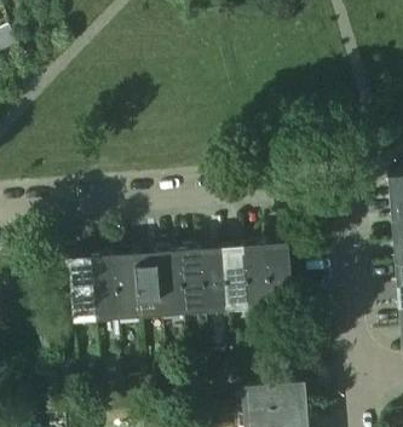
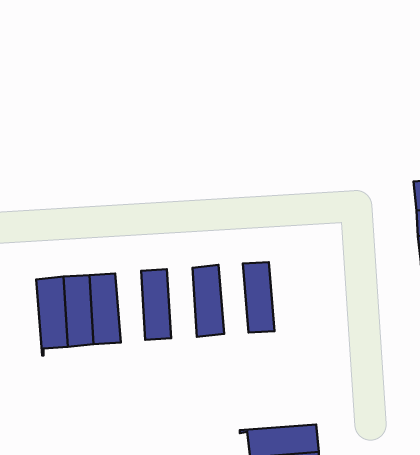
building: [265,243,293,308] -> none
building: [223,247,248,306] -> none
building: [179,250,205,310] -> none
building: [136,253,161,313] -> none

